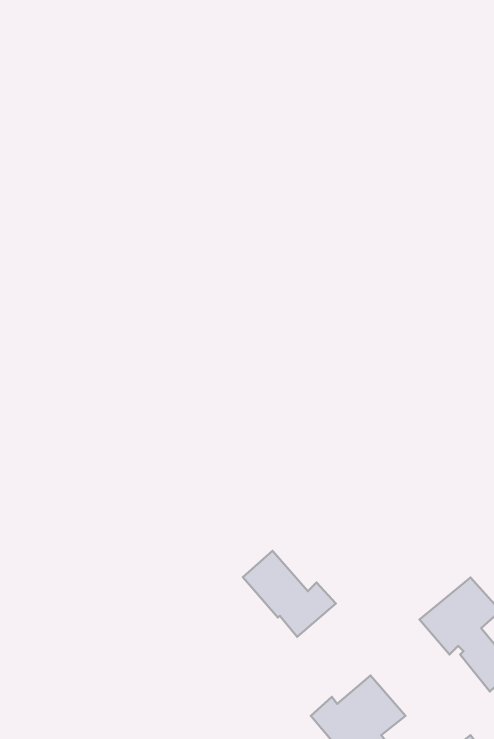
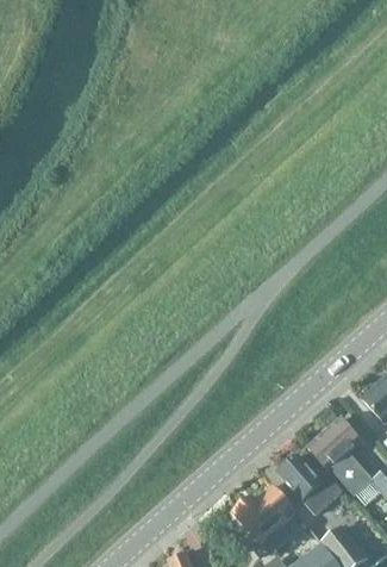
building: [243,551,336,637] -> [277,455,341,513]

